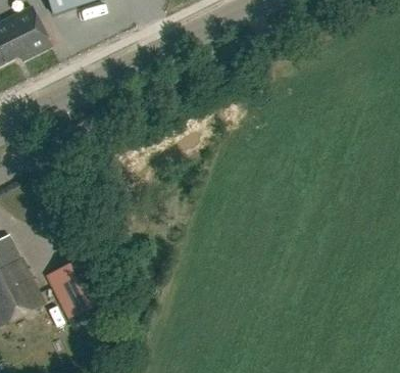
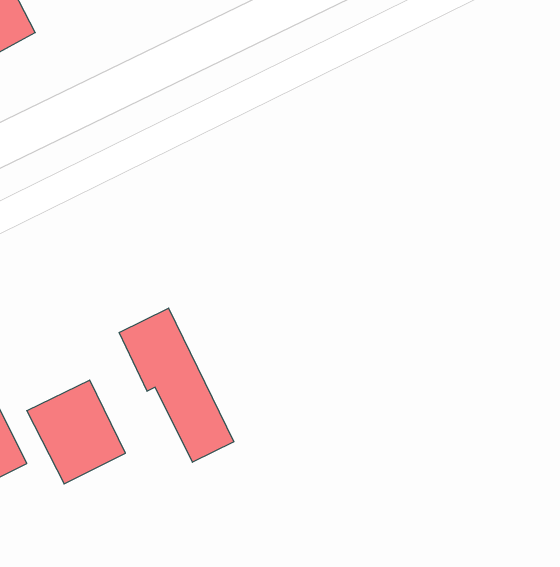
building: none -> [119,308,234,462]

